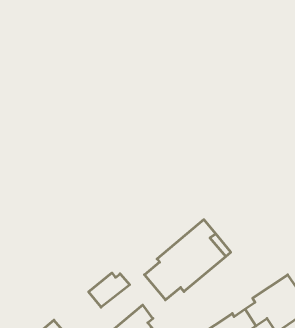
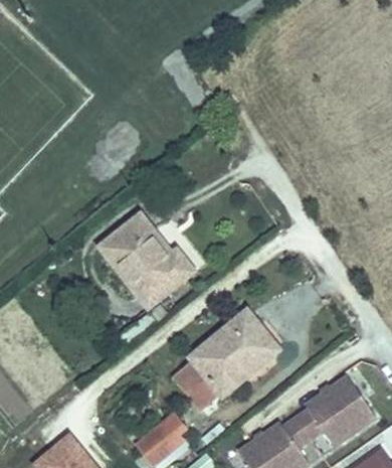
building: none -> [100,213,194,307]
building: [89,273,130,307] -> none

